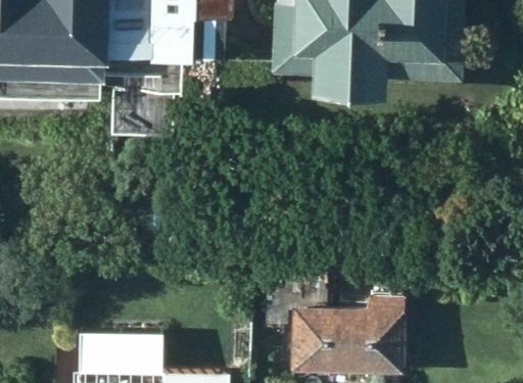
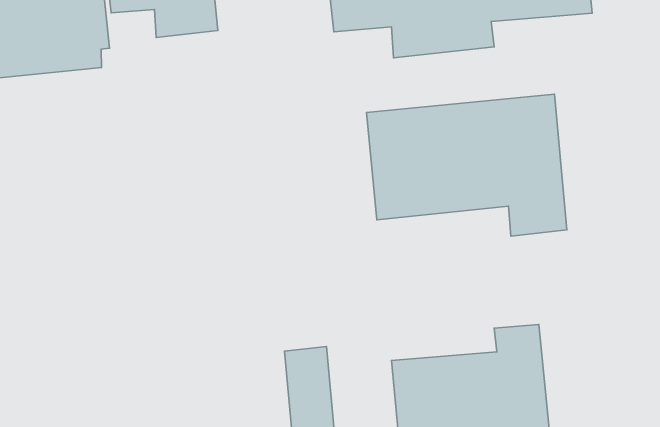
building: none -> [367,94,567,236]

